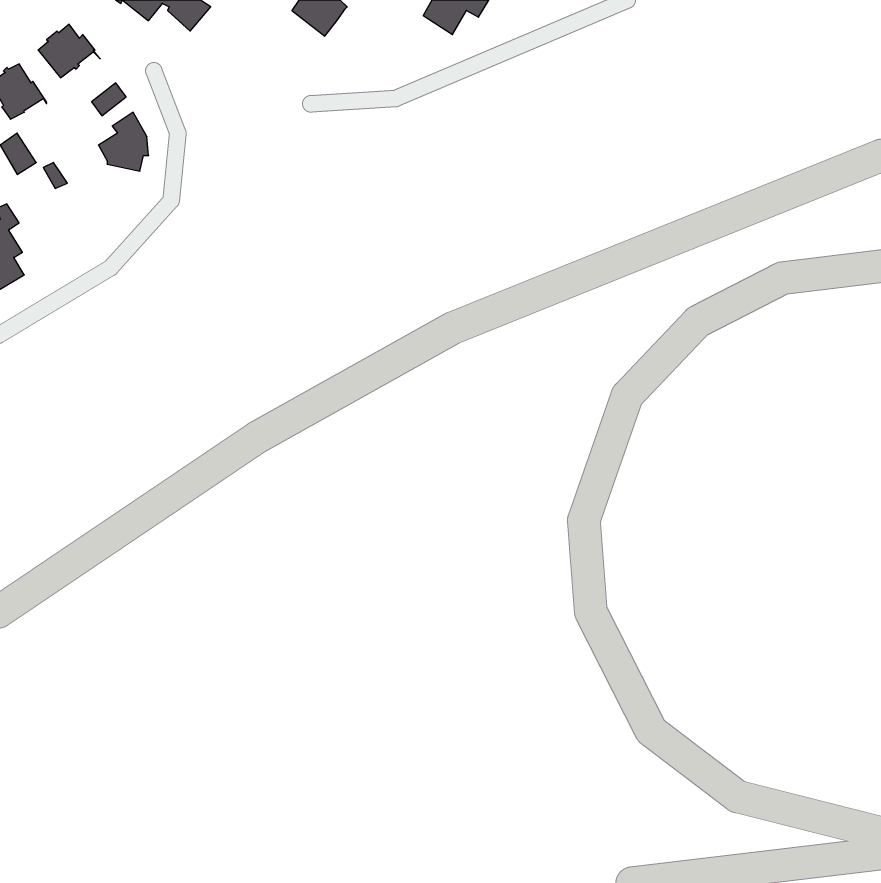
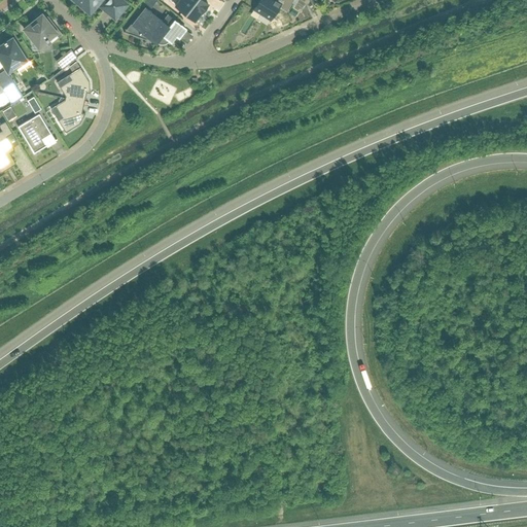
building: none -> [122,7,184,43]
building: none -> [54,98,83,132]
building: none -> [16,113,49,152]

